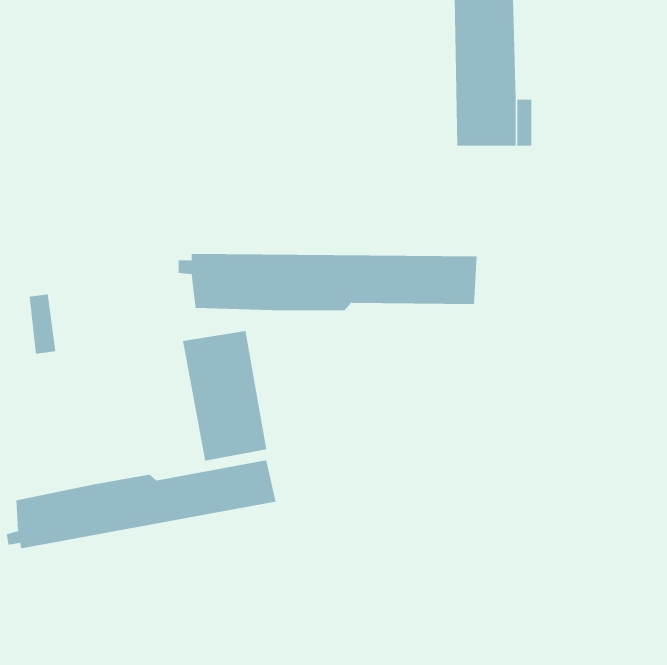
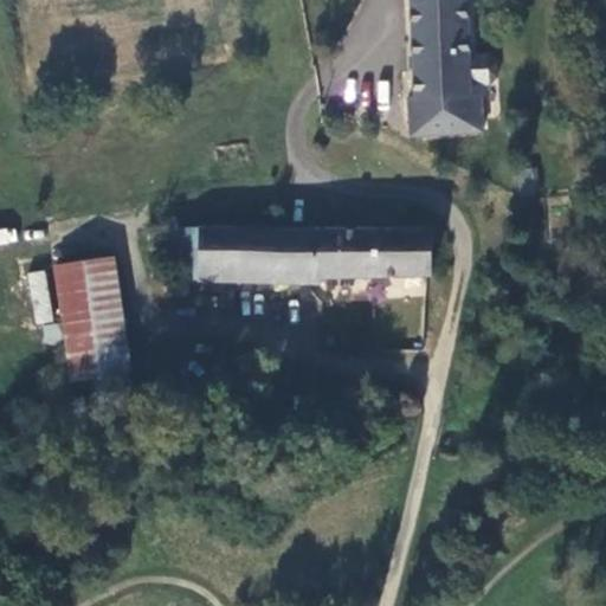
building: [182,330,267,461] -> [53,256,130,374]
building: [6,460,276,549] -> none

